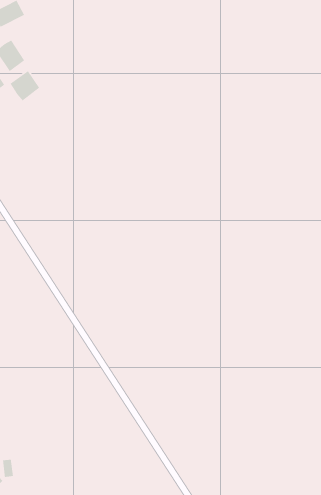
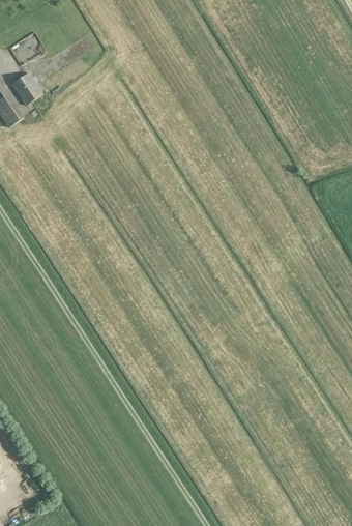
building: [9,70,40,102] -> none

